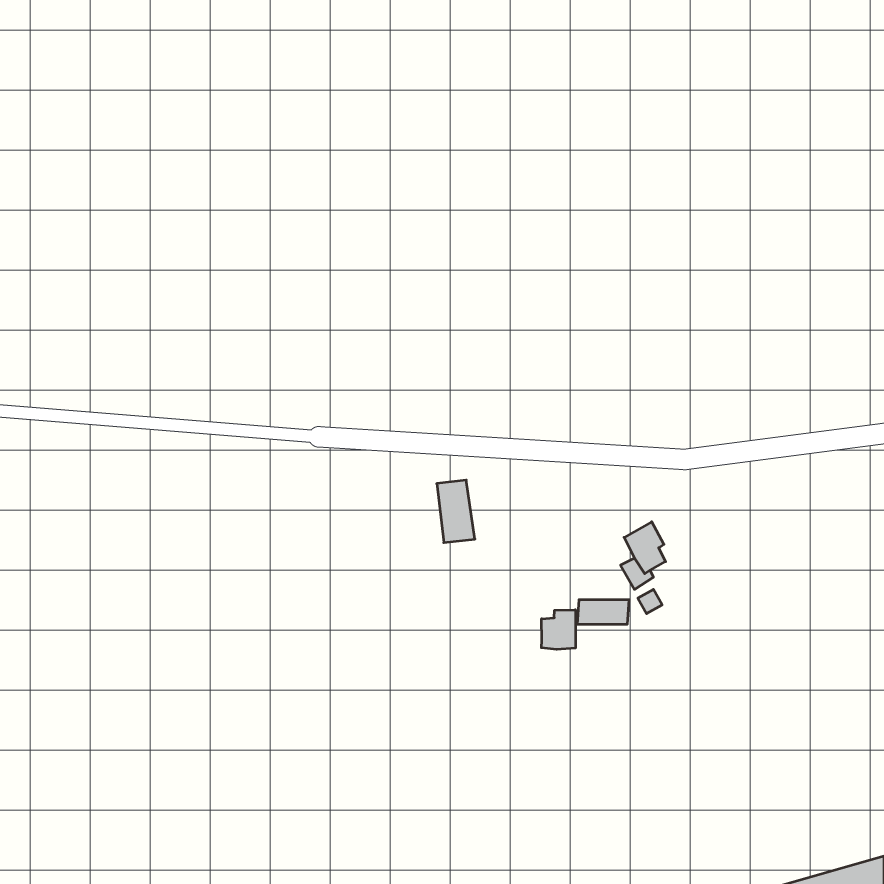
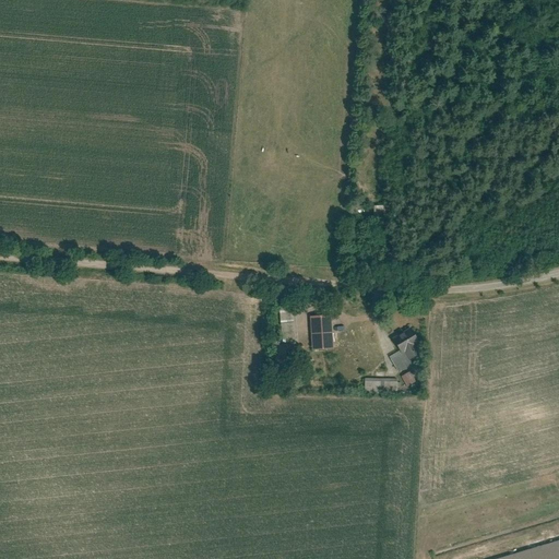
building: none -> [310,316,333,352]
building: [541,610,575,649] -> none

